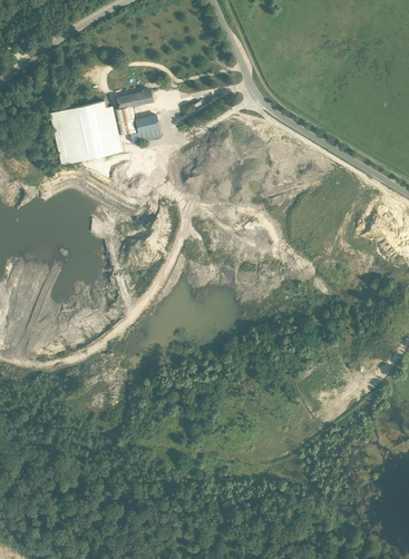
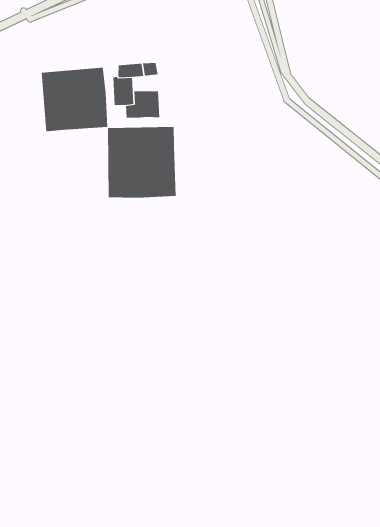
building: none -> [107,126,176,198]

